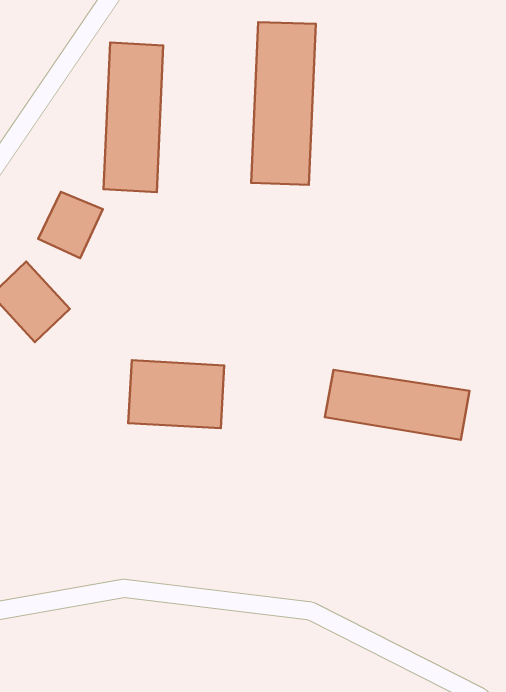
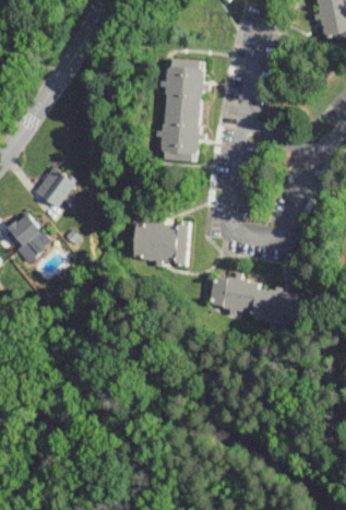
building: [104,42,163,192] -> none
building: [128,360,224,428] -> [129,220,189,262]

